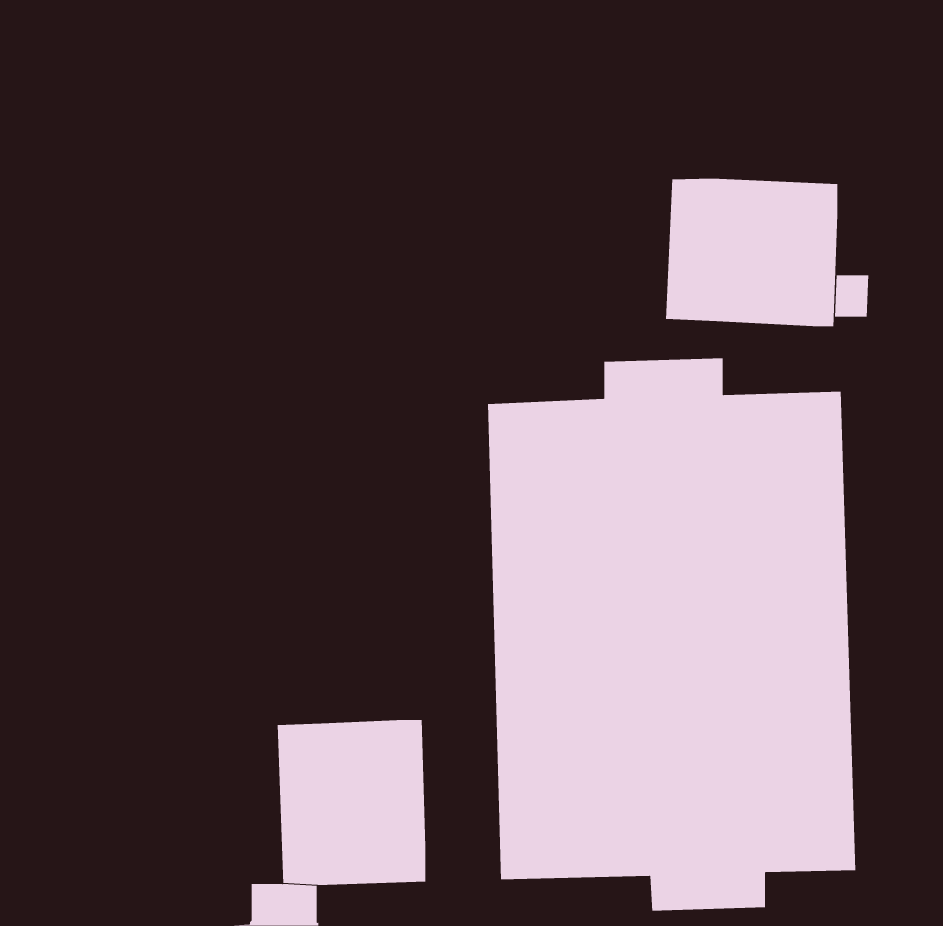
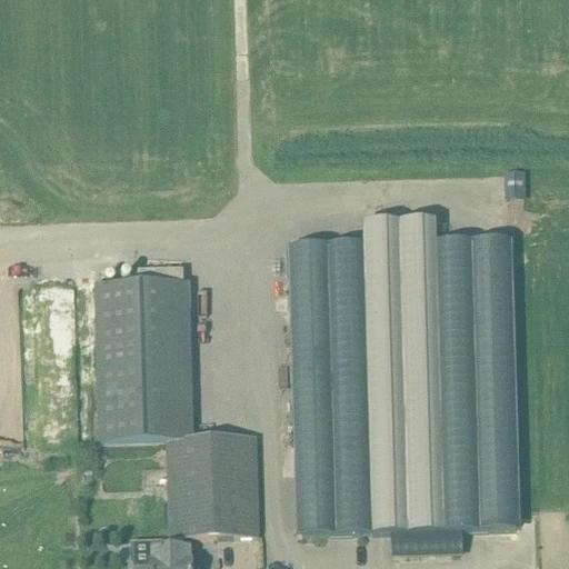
building: [666,178,838,327] -> none
building: none -> [94,277,193,437]

